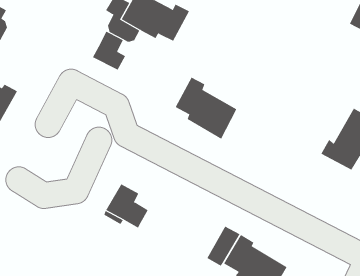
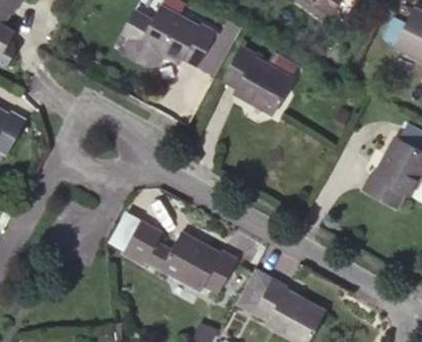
building: [92,31,126,71] -> none
building: [175,77,237,139] -> [223,46,292,115]
building: none -> [162,234,238,292]

